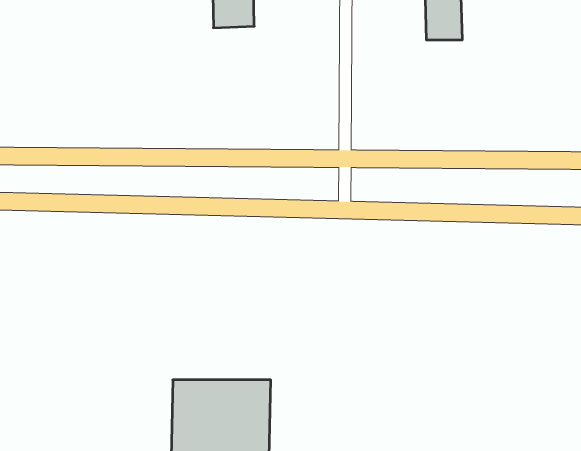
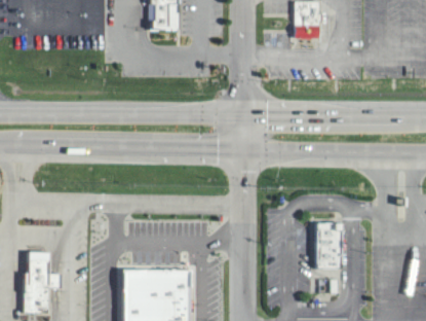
building: none -> [316,222,342,270]
building: none -> [23,251,60,313]

